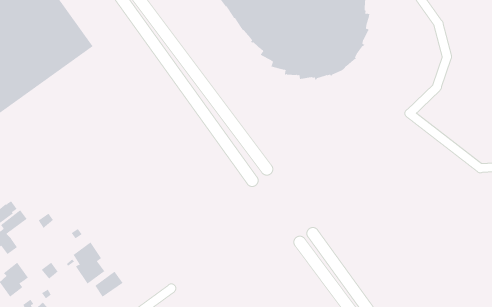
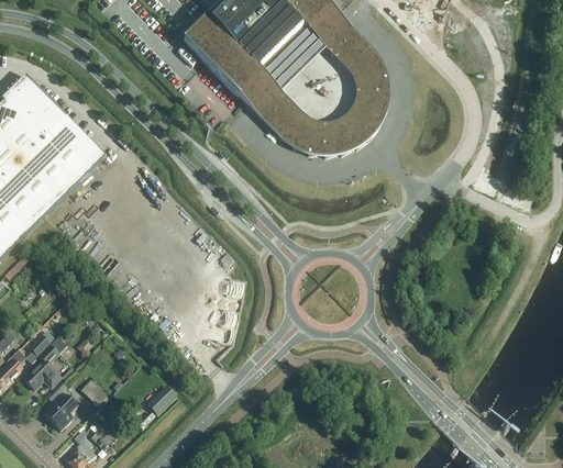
building: [73,241,105,285] -> none

